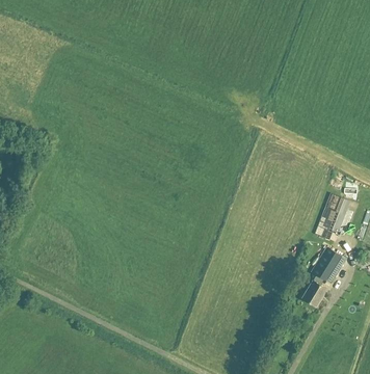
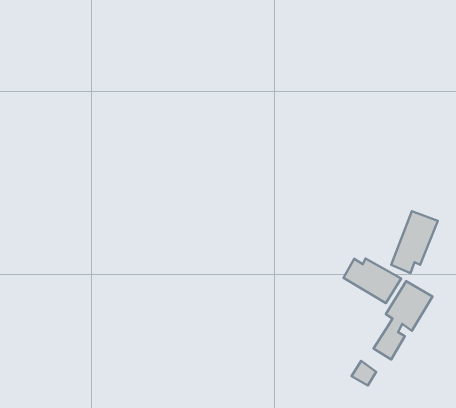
building: none -> [343,258,401,303]

